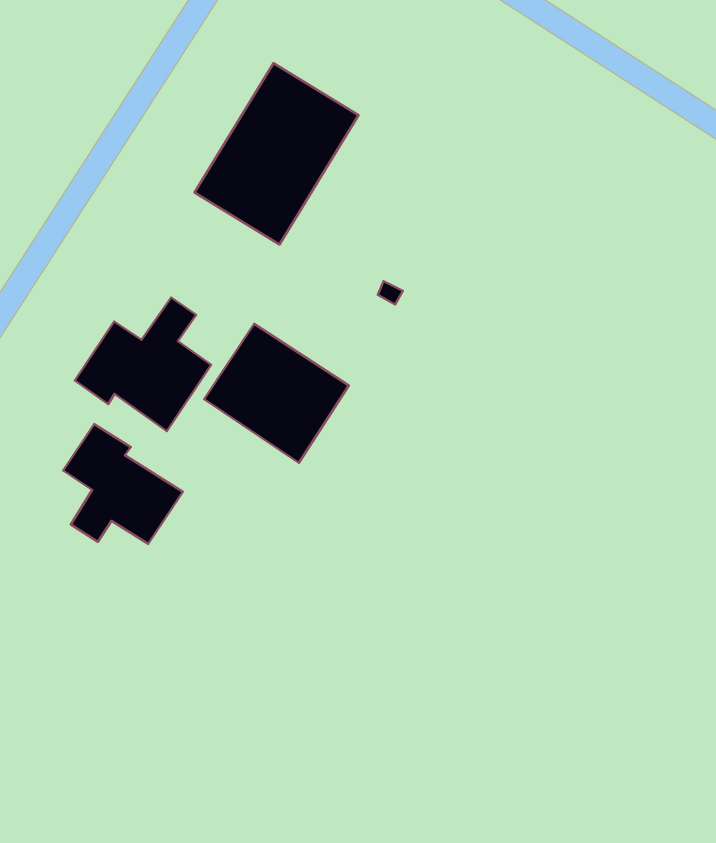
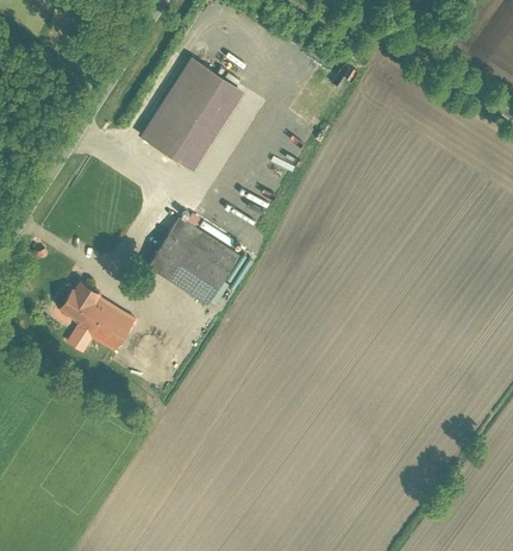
building: [75,298,211,431] -> none

